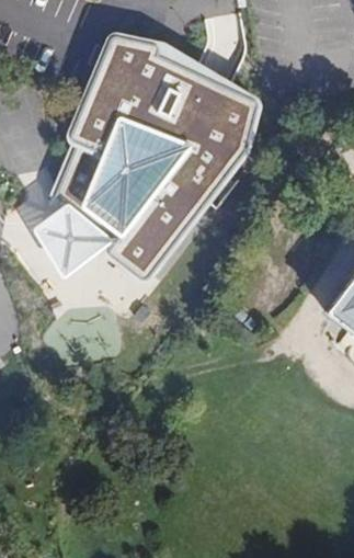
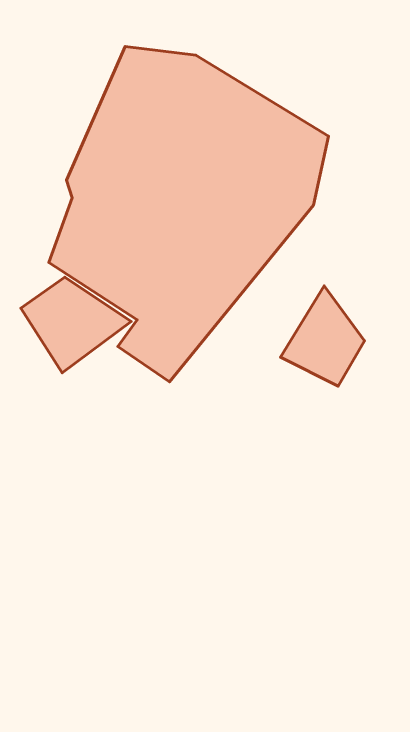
building: none -> [280,286,364,386]

